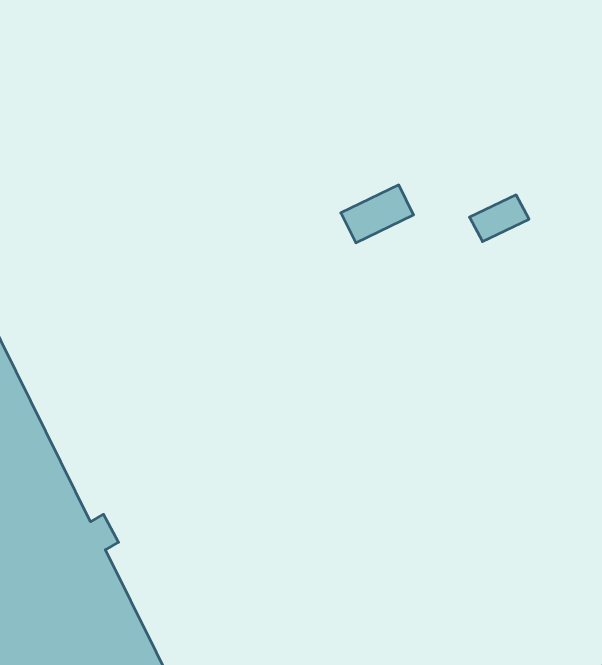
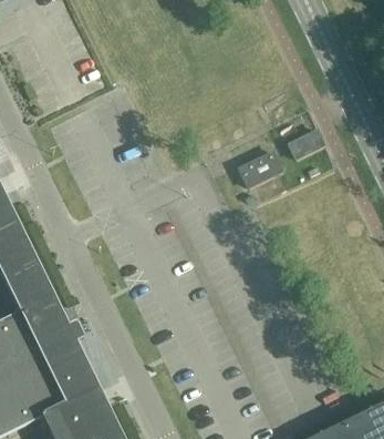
building: [341,185,414,243] -> [240,150,283,184]

